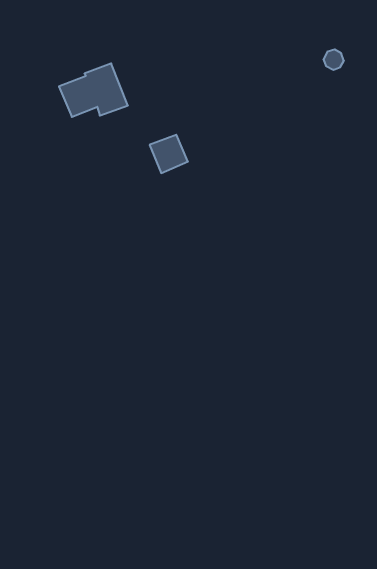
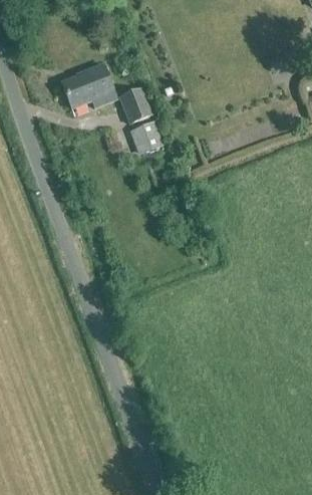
building: none -> [118,88,151,125]

